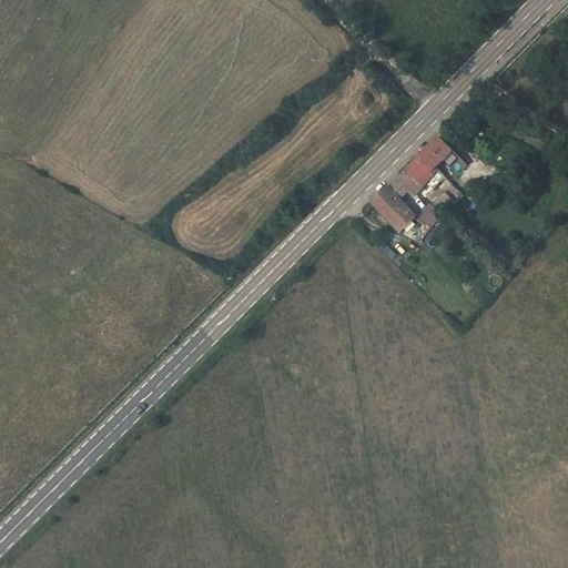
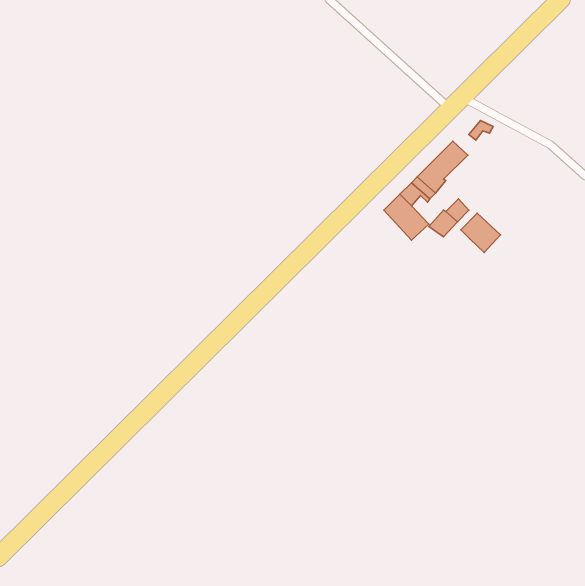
building: none -> [461,213,501,252]

